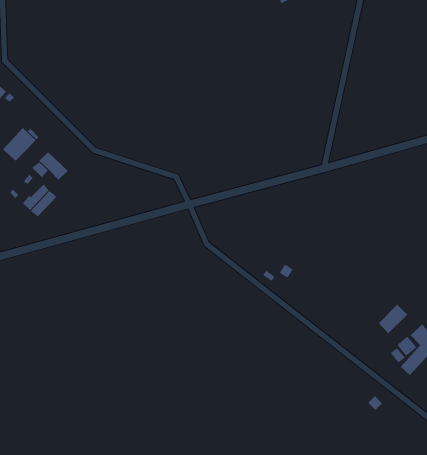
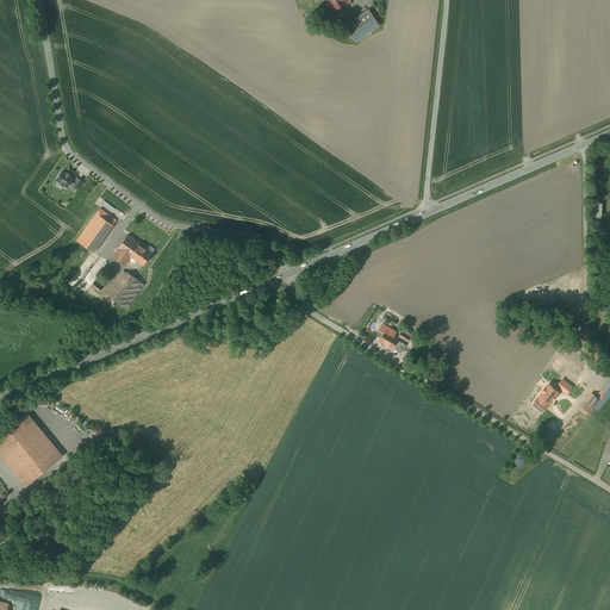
building: [378,304,408,334] -> none

